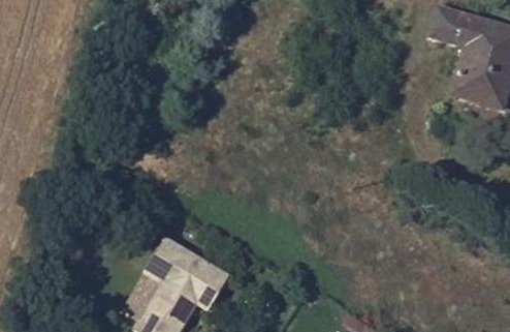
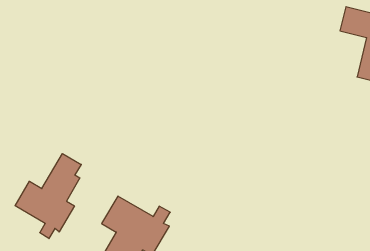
building: none -> [15,154,81,239]

